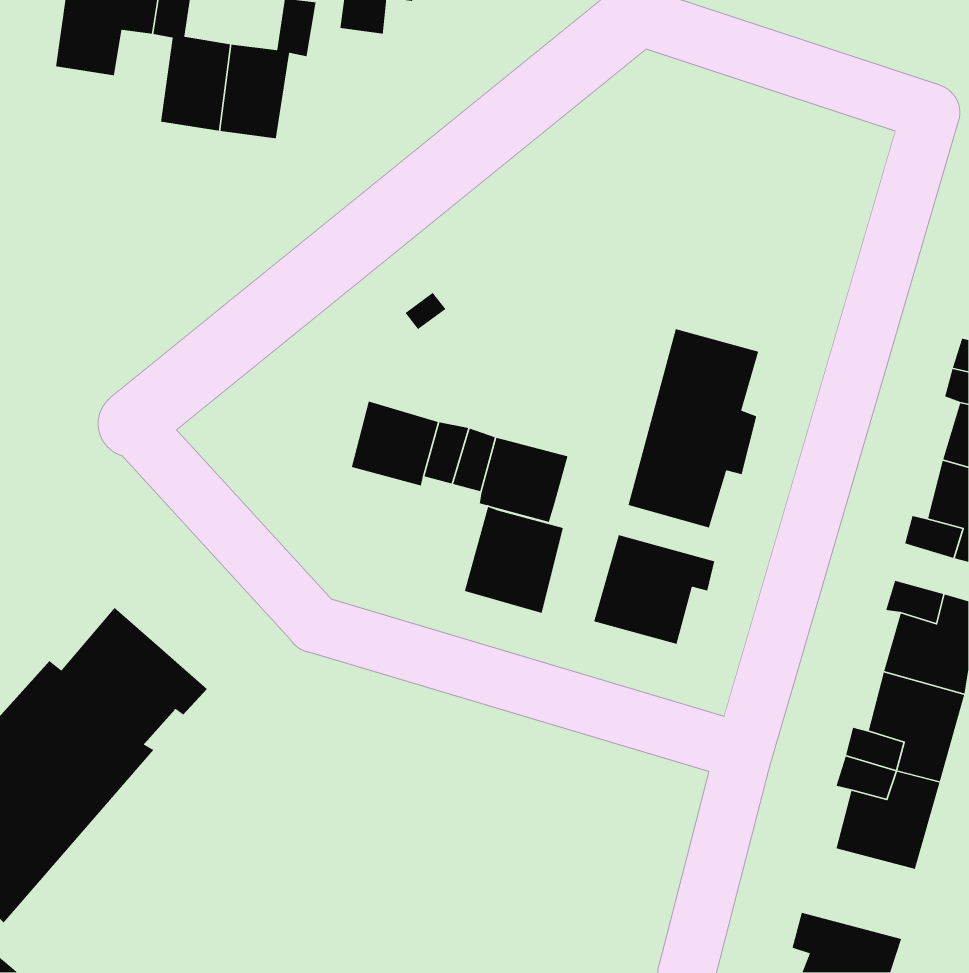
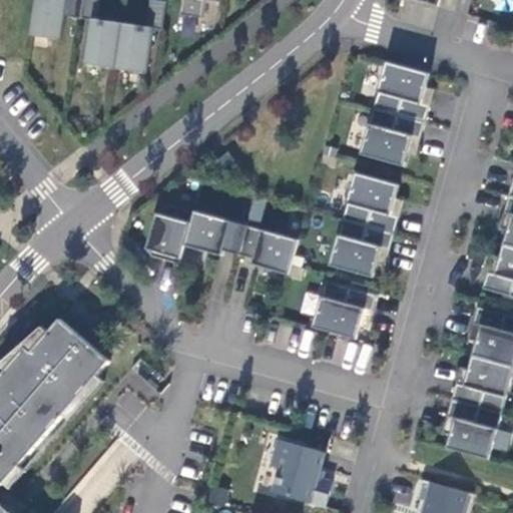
building: none -> [361,61,430,166]
building: none -> [146,203,193,264]
building: [464,506,564,614] -> none
building: none -> [271,439,333,506]

